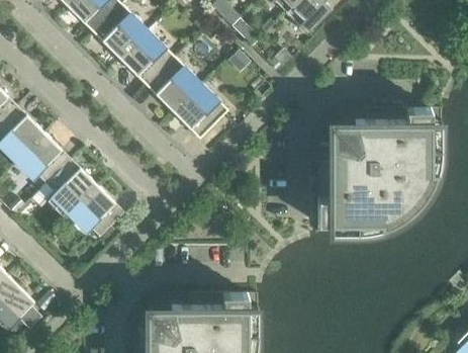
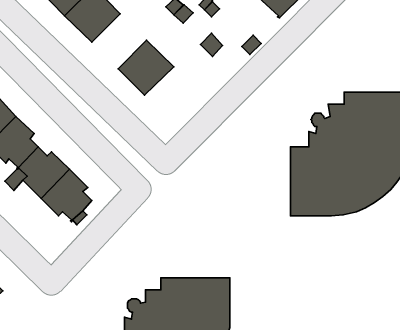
building: [119,30,174,85] -> none
building: [172,83,228,139] -> none

